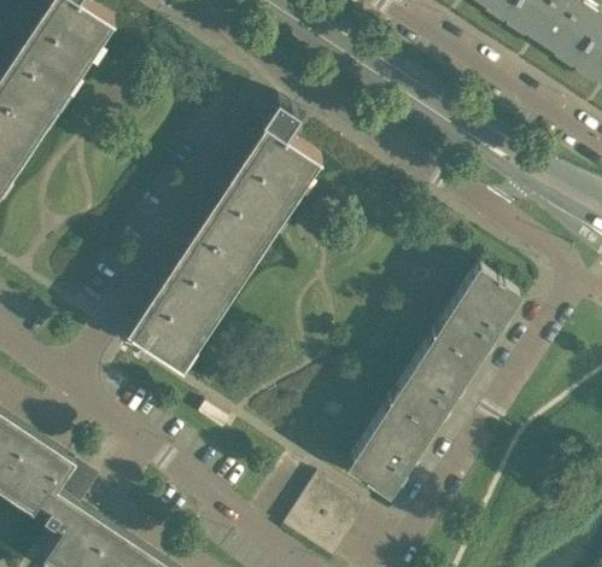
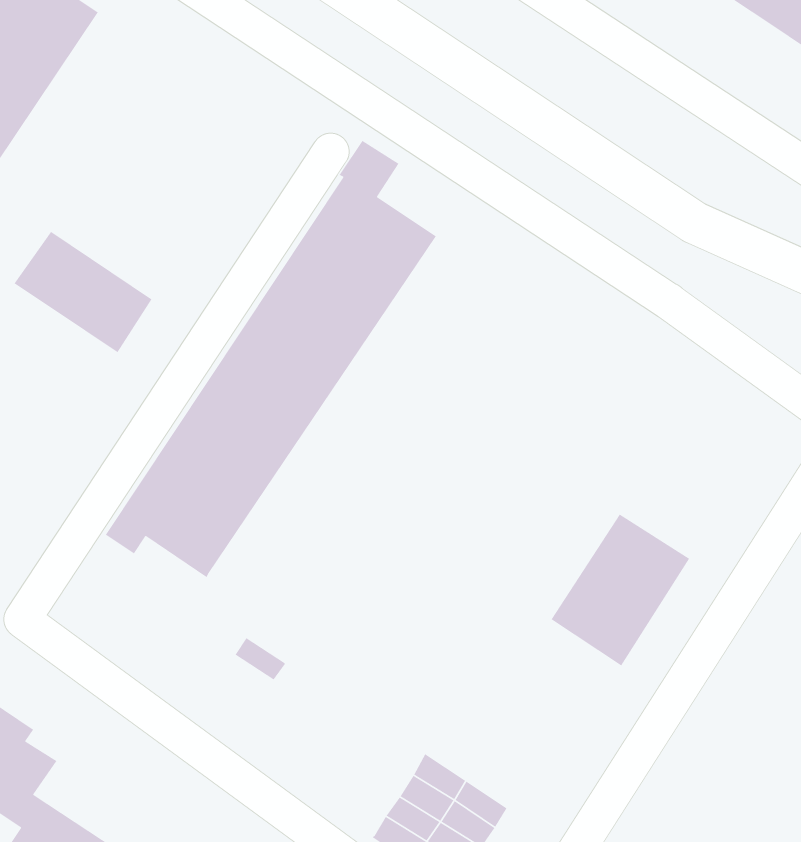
building: none -> [14,231,152,353]
building: [436,269,521,362] -> none
building: [347,399,437,498] -> none

